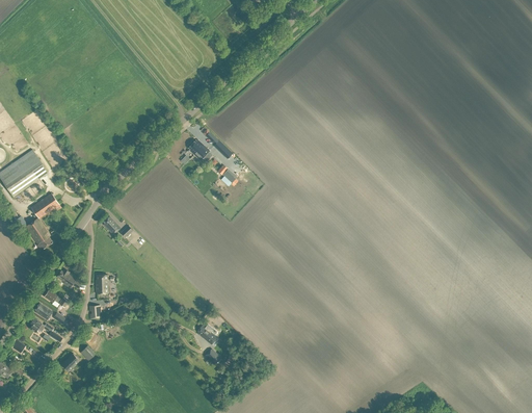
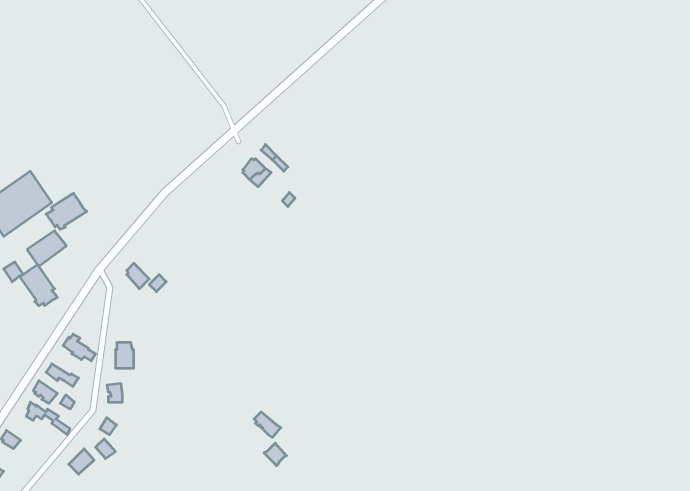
building: none -> [46,193,87,229]

